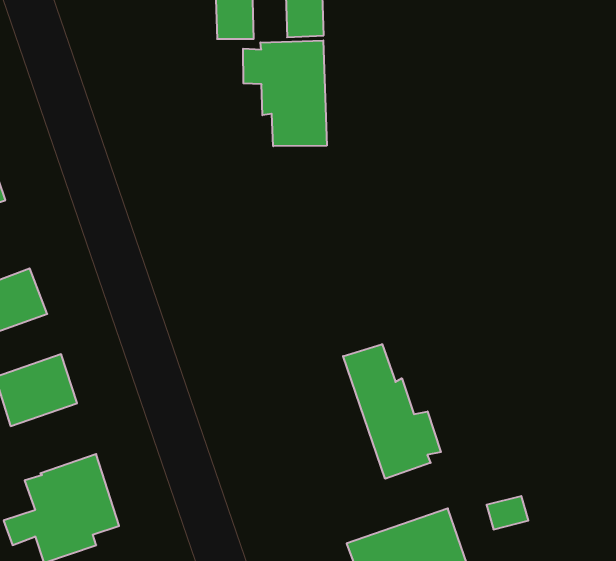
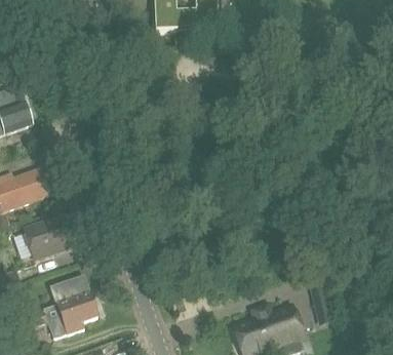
building: [243,40,327,146] -> none
building: [343,344,441,479] -> none

